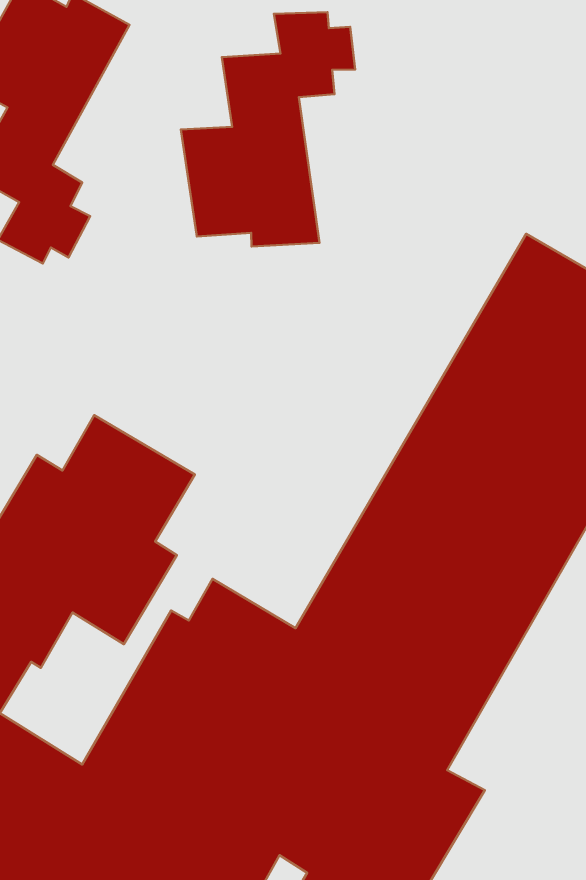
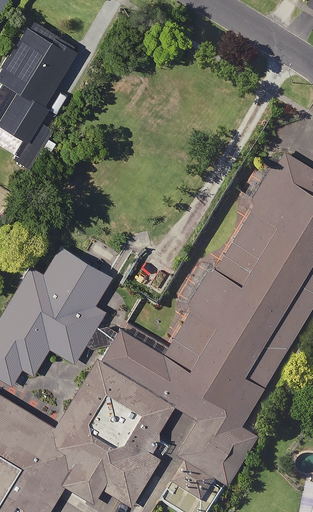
building: [181,12,355,247] -> none

